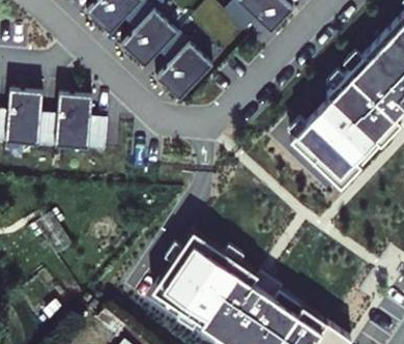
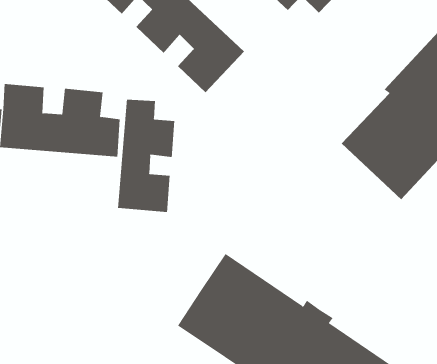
building: none -> [117,99,175,213]

